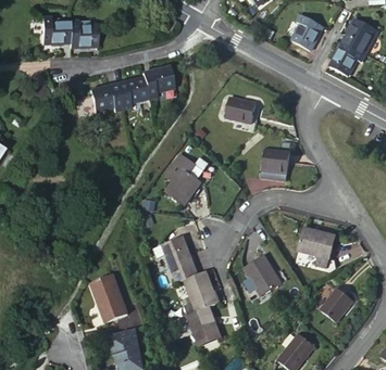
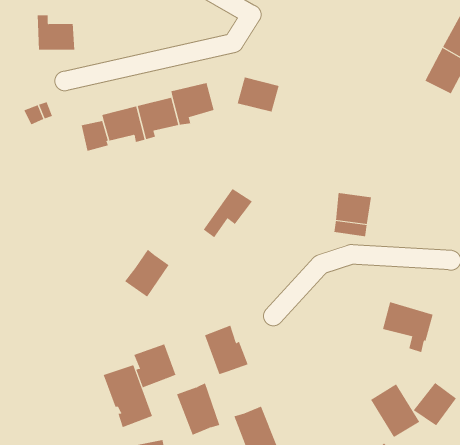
building: [291,13,325,50] -> none
building: [70,21,98,47] -> none
building: [225,97,257,123] -> [237,77,279,112]
building: [166,168,200,204] -> [124,249,170,297]
building: [245,255,282,295] -> [370,384,420,438]
building: none -> [134,344,176,388]
building: [184,272,216,311] -> [176,383,220,435]

